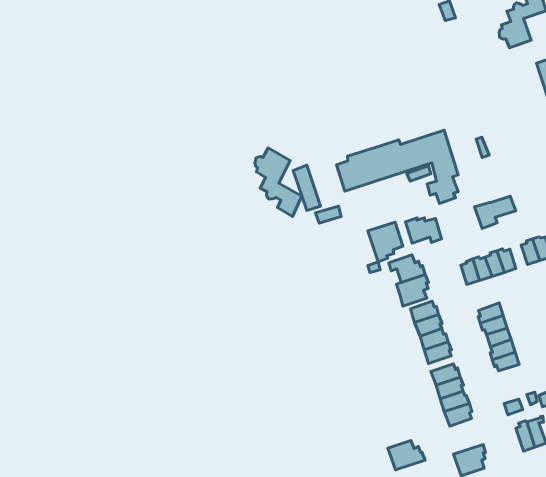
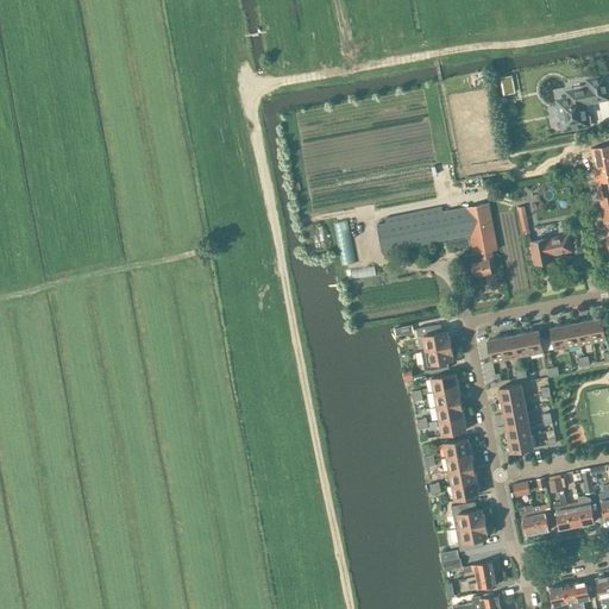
building: [255,148,302,216] -> none
building: [475,196,516,228] -> [530,237,571,265]
building: [406,218,442,243] -> none
building: [368,222,403,262] -> none
building: [388,441,425,470] -> [451,502,486,529]

